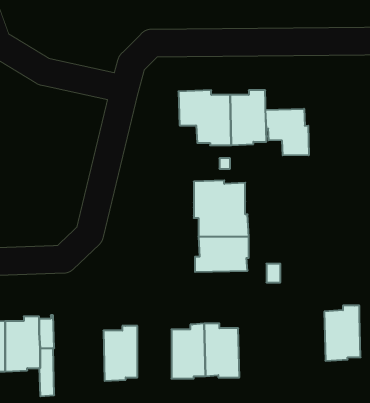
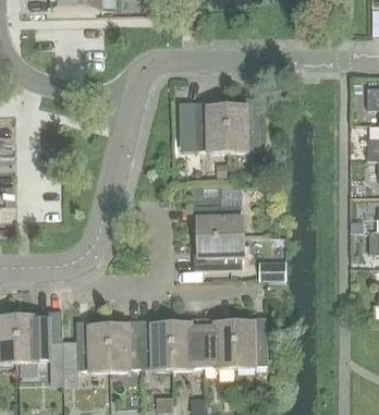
building: [266,109,309,155] -> none
building: [324,306,361,361] -> [234,317,268,368]
building: none -> [140,320,172,370]
building: none -> [76,321,110,371]

